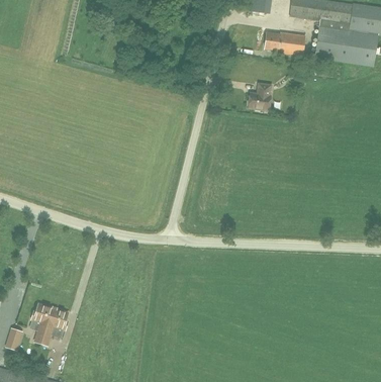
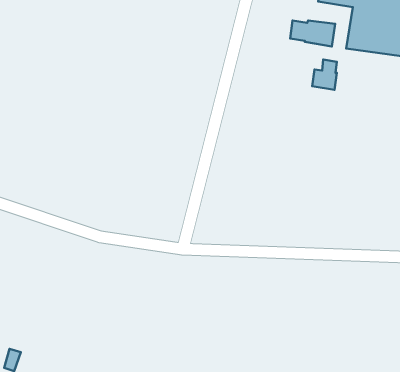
building: [248,83,270,110] -> [312,59,337,90]
building: [30,303,67,345] -> none

